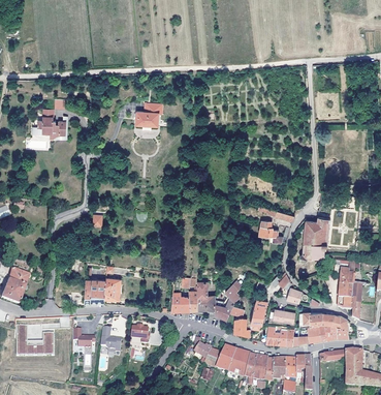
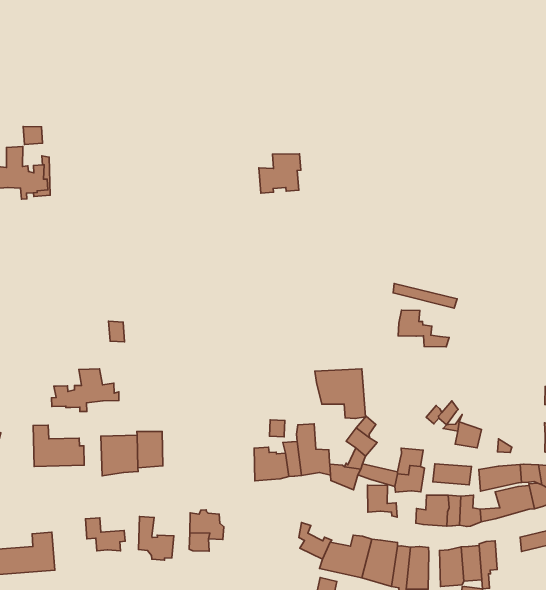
building: [136,103,160,125] -> [259,154,301,193]
building: [300,216,329,260] -> none
building: none -> [52,369,119,412]
building: none -> [315,369,366,418]
building: none -> [33,425,84,466]

